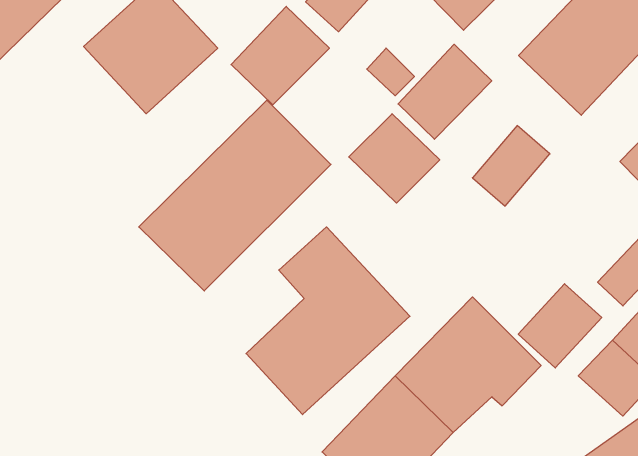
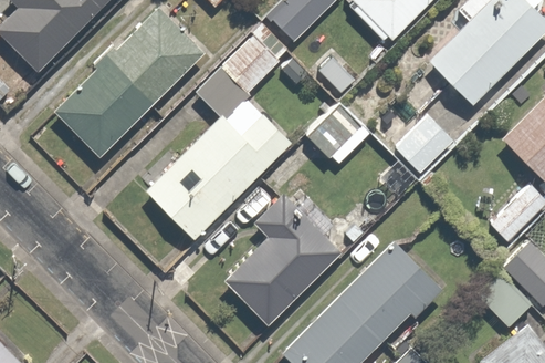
building: [398,44,492,139] -> none
building: none -> [49,54,153,157]
building: [518,284,602,368] -> none

